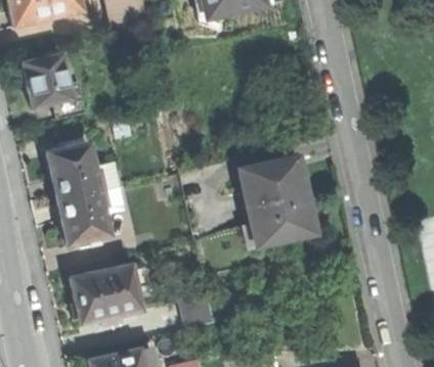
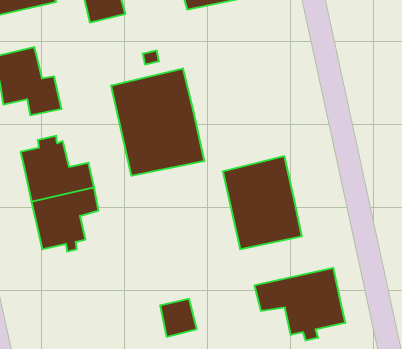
building: none -> [111,68,204,176]
building: [70,262,145,327] -> none
building: none -> [254,268,345,341]

